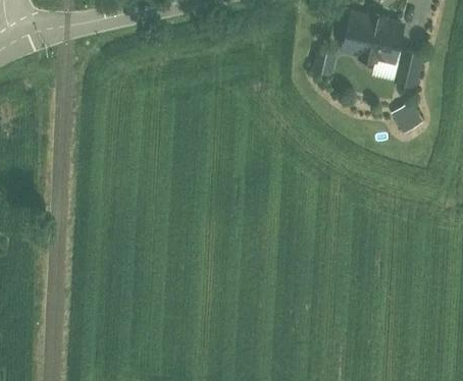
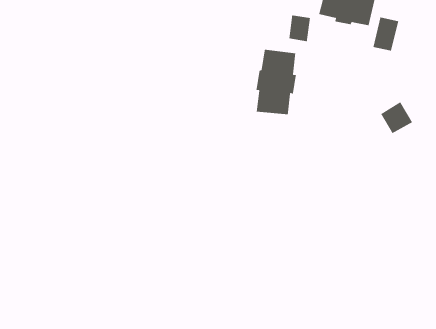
building: none -> [256,49,297,115]
building: [393,101,424,132] -> [380,101,413,134]

